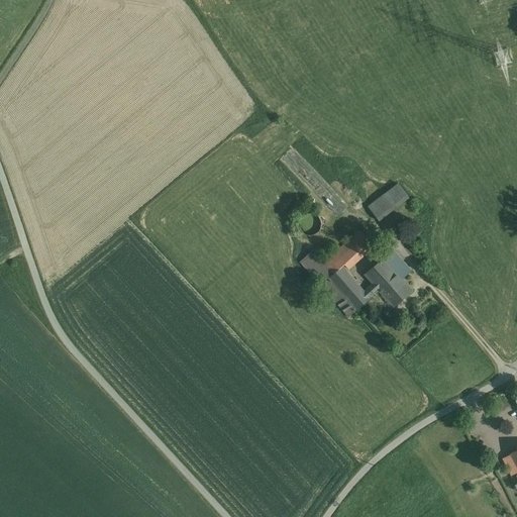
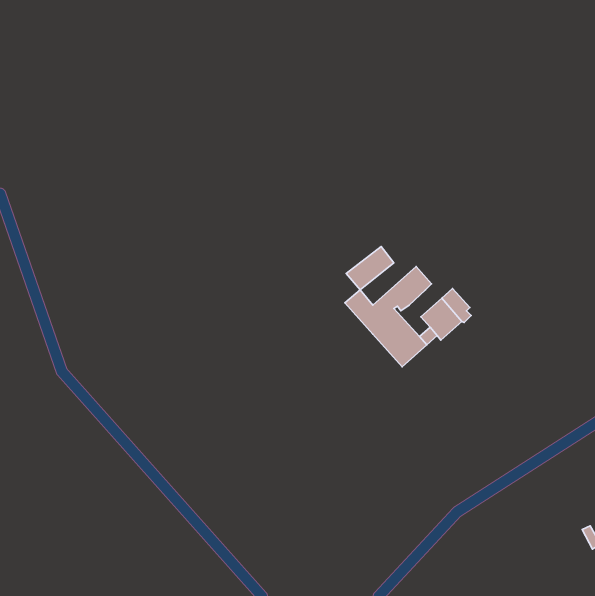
building: [368,183,409,220] -> [346,247,394,290]
building: [383,278,413,307] -> none

